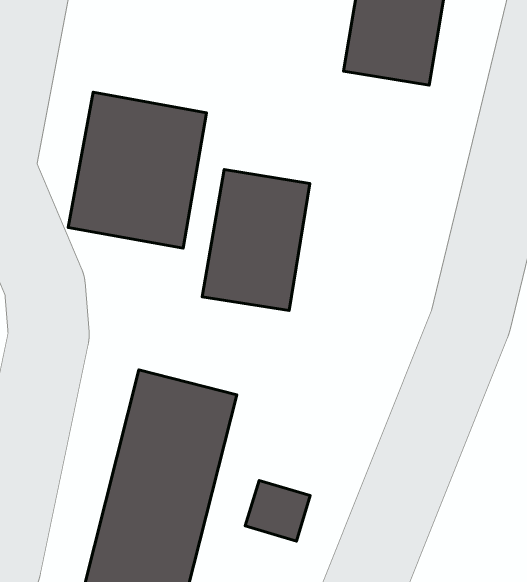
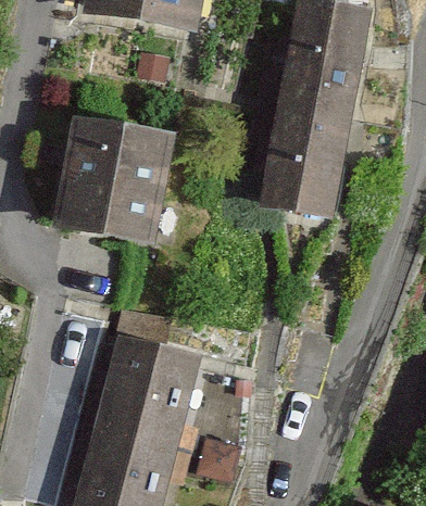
building: [202,170,310,311] -> [263,103,348,214]

